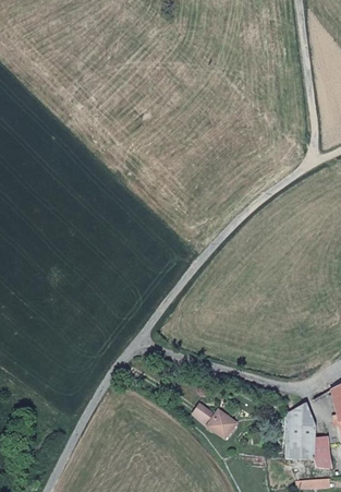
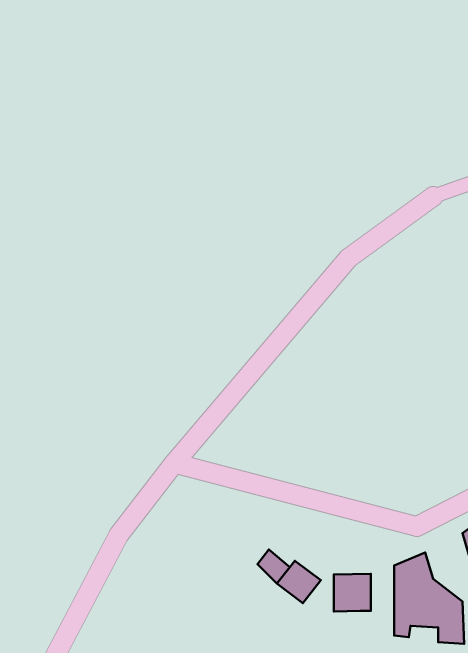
building: none -> [334,574,371,612]

